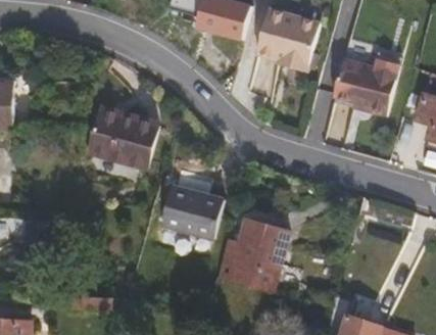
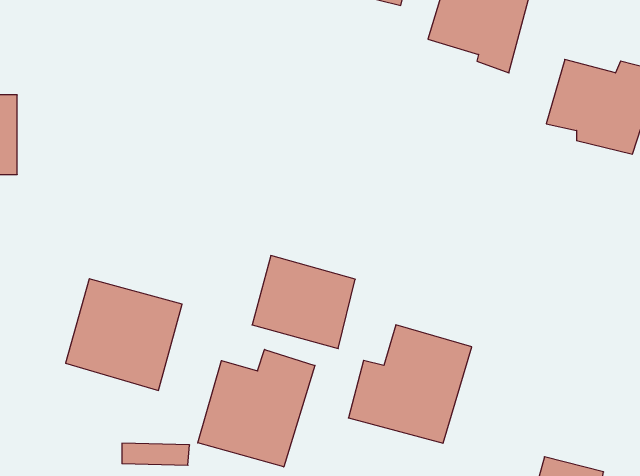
building: [90,111,160,179] -> [66,279,182,390]
building: none -> [198,349,315,467]

